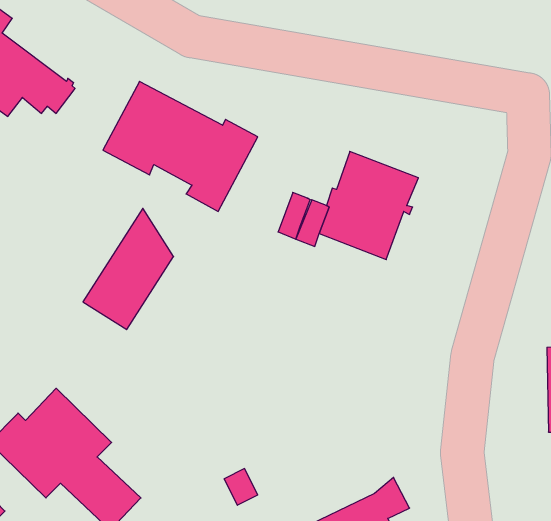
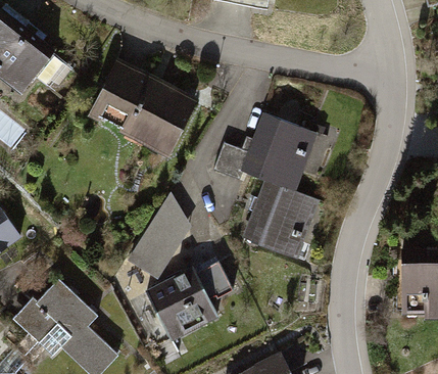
building: [83,208,174,330] -> [128,193,191,278]
building: none -> [244,180,312,260]
building: none -> [146,262,233,332]

